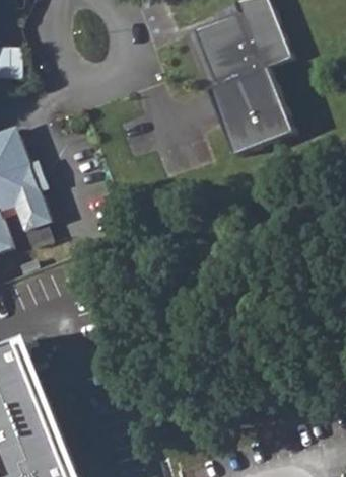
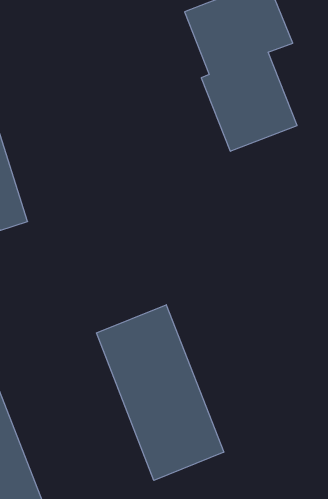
building: none -> [96,305,224,480]

